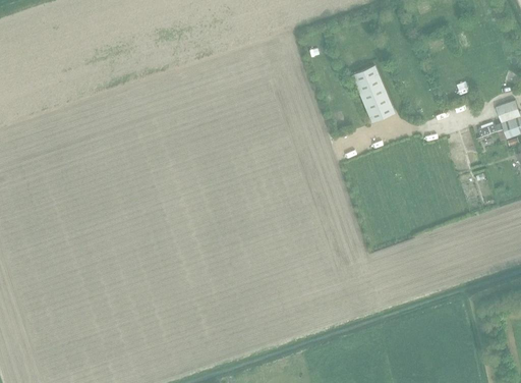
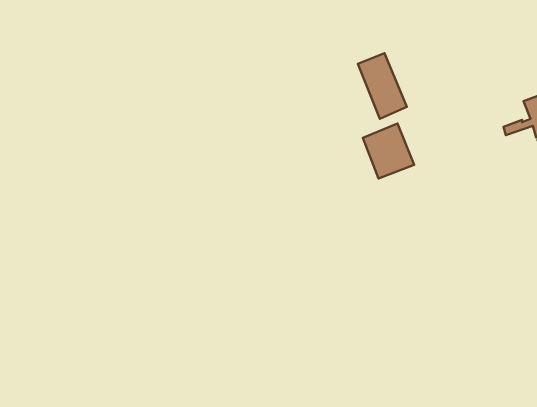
building: none -> [363,124,414,179]

